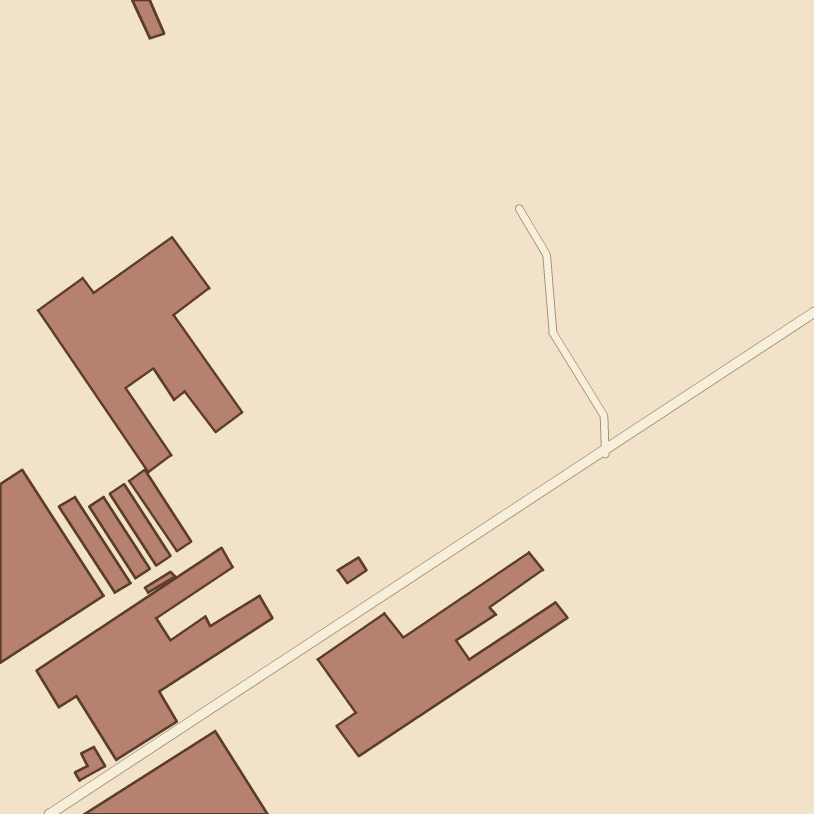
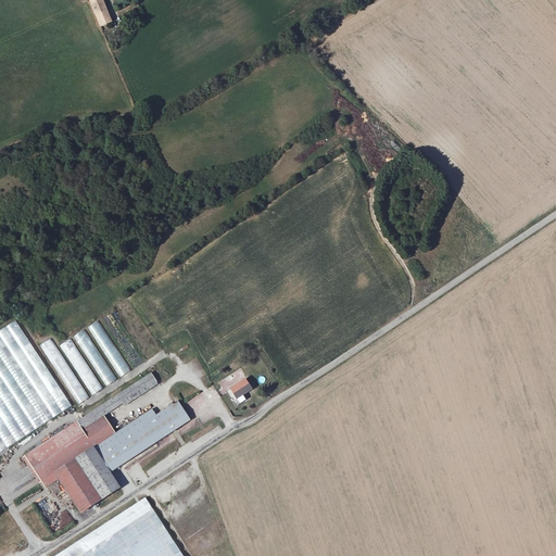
building: [38,237,242,472] -> none
building: [318,552,567,756] -> none

